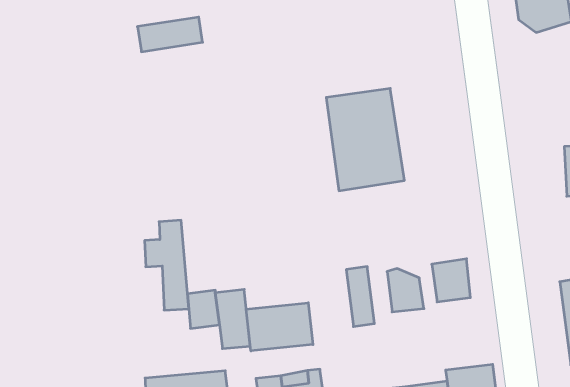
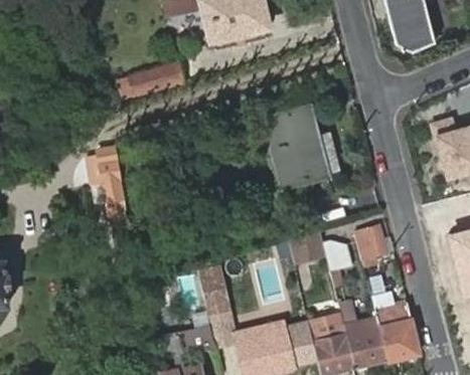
building: [145,220,189,310] -> [88,146,126,213]
building: [246,303,313,351] -> none

